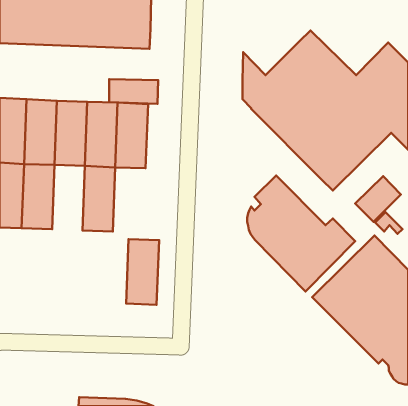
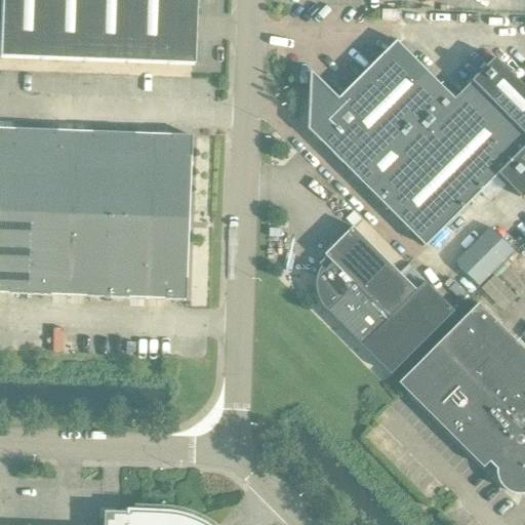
building: [109,79,158,104] -> none
building: none -> [67,211,109,295]
building: [126,239,159,305] -> [145,214,187,298]

